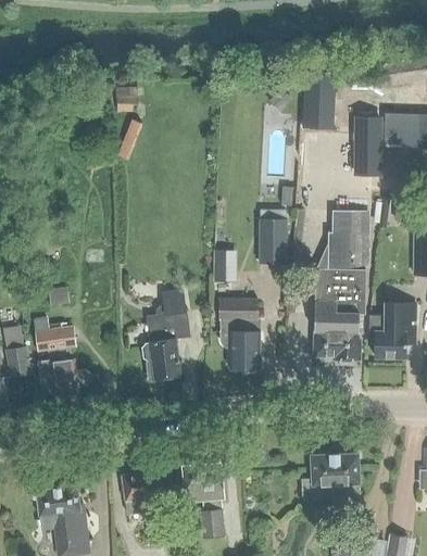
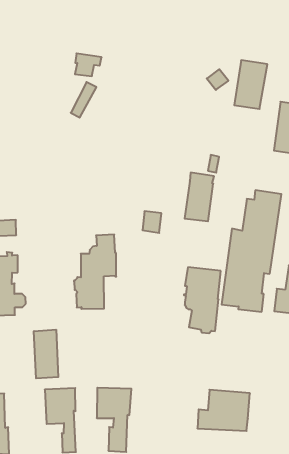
building: [219,299,260,371] -> [184,267,221,333]
building: none -> [34,330,58,378]

